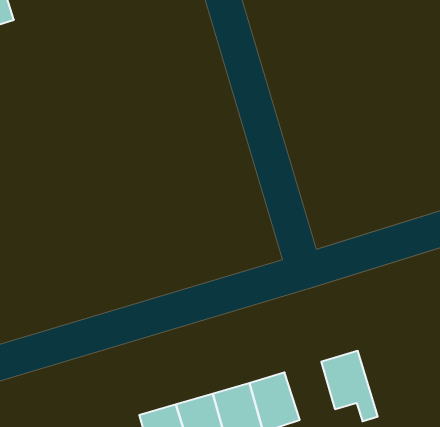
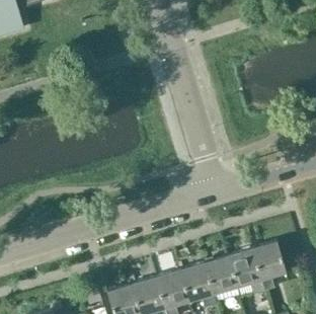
building: none -> [251,240,286,292]
building: none -> [203,255,236,294]

